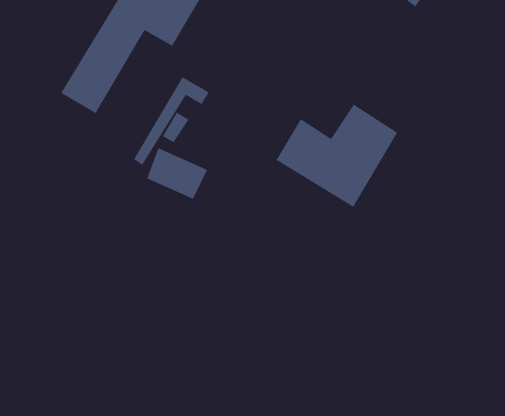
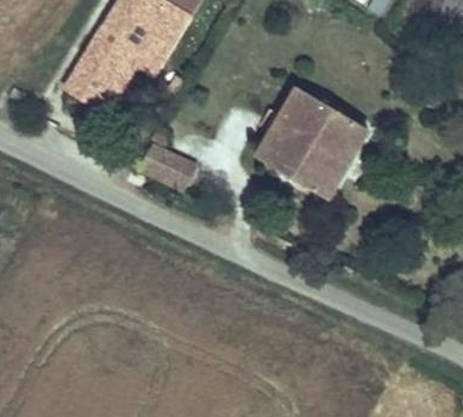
building: [133,76,210,166] -> [94,37,163,118]
building: none -> [279,84,326,133]

